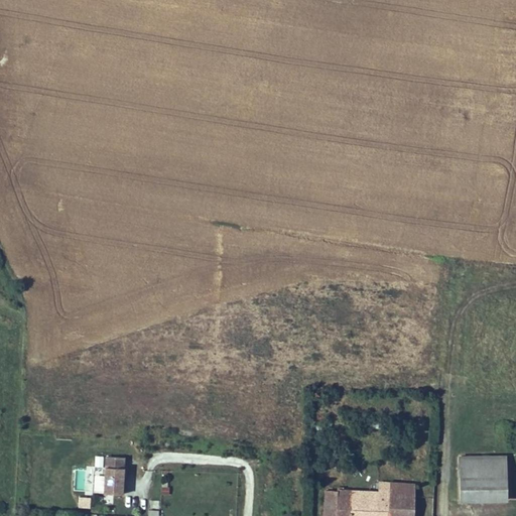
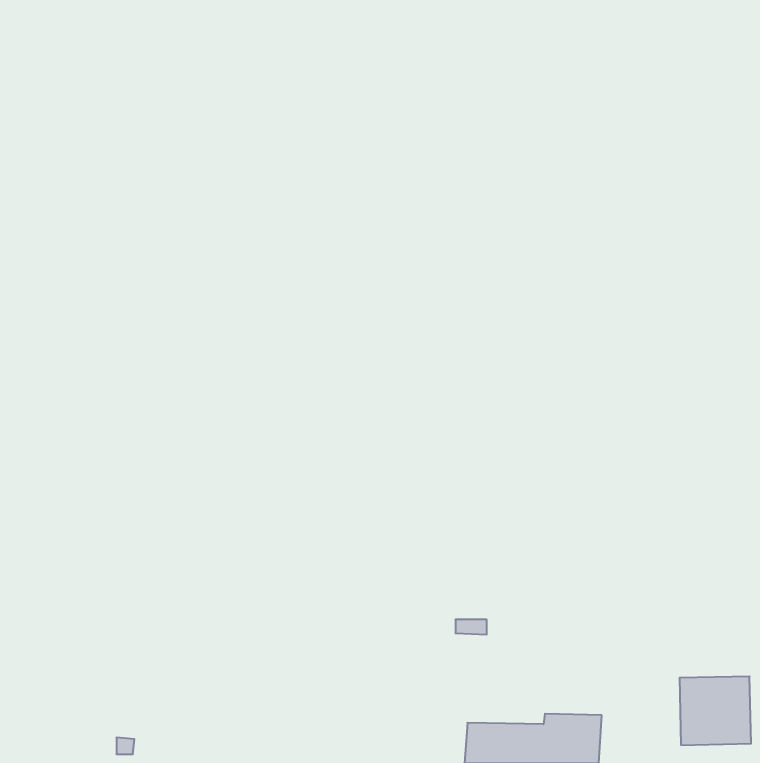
building: [106,459,125,496] -> none

